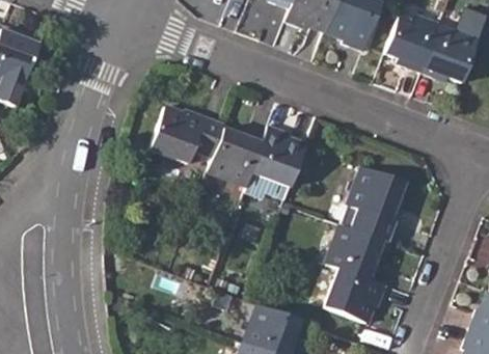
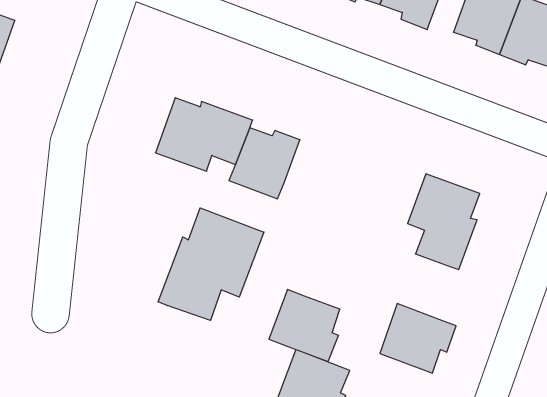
building: [250,125,306,188] -> none
building: none -> [158,208,264,320]
building: [326,224,382,281] -> [269,289,340,362]

